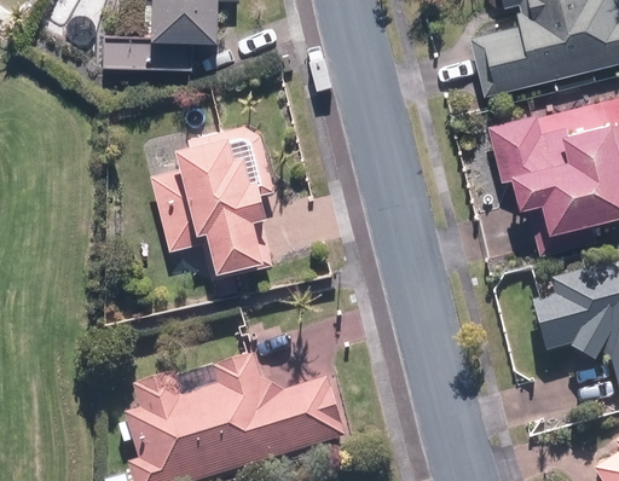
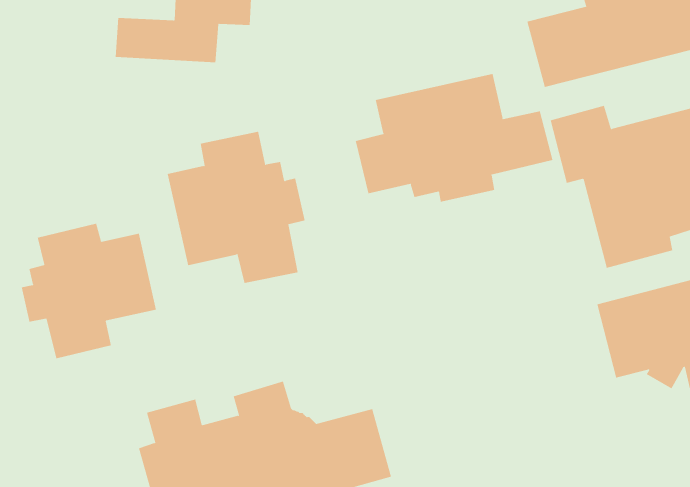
building: none -> [355,73,553,203]
building: none -> [21,223,156,359]

